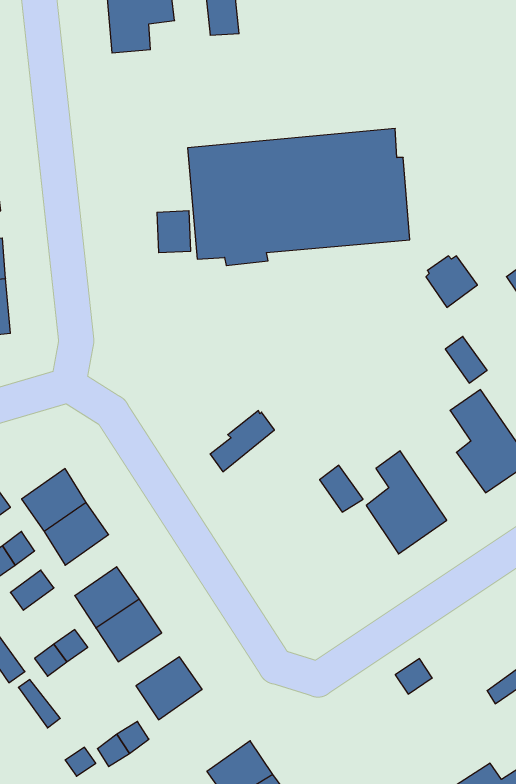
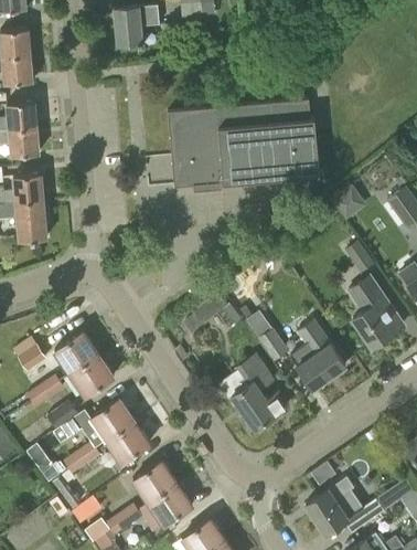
building: none -> [231,353,289,430]
building: none -> [304,476,383,533]
building: none -> [148,482,192,525]

